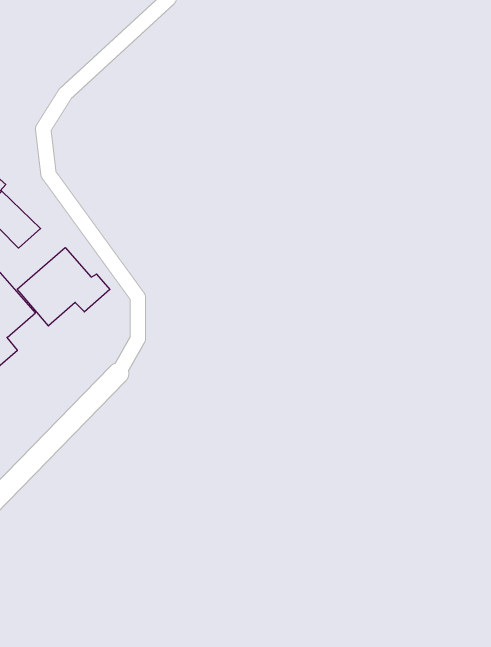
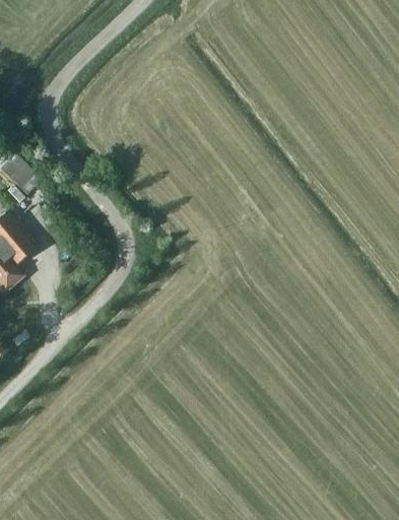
building: [17,248,110,326] -> none

